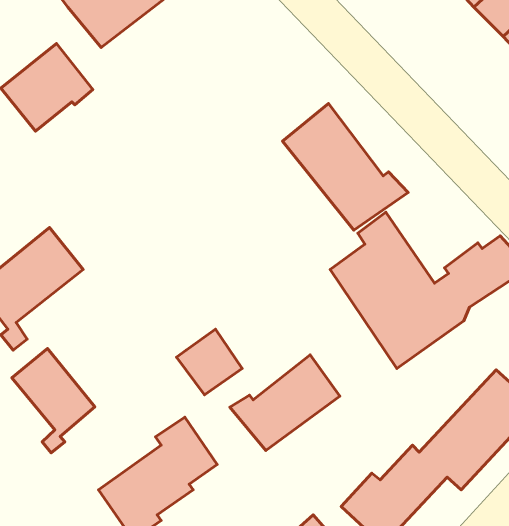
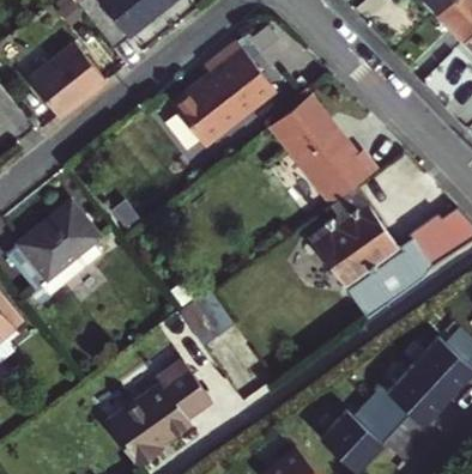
building: none -> [174,37,279,142]
building: [12,348,95,453] -> none
building: [230,355,340,450] -> none

